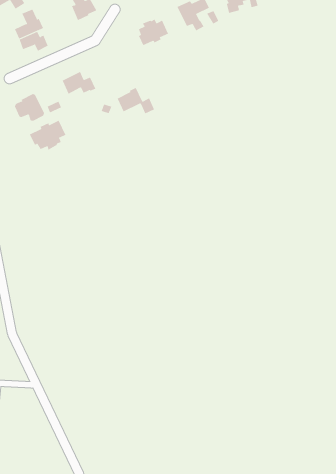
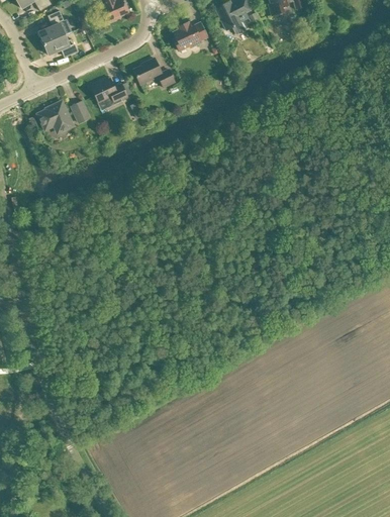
building: [117,87,155,114] -> [133,58,175,87]
building: [29,120,66,151] -> none

